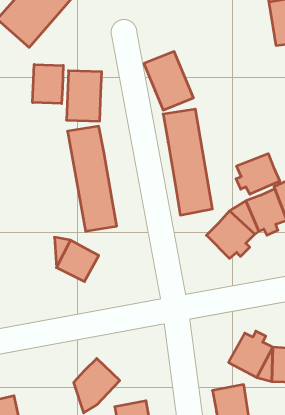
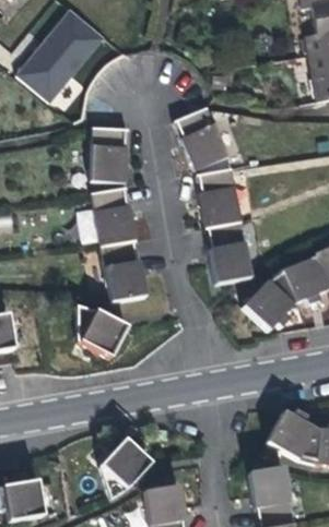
building: [33,64,63,104] -> none
building: [236,154,280,194] -> none

